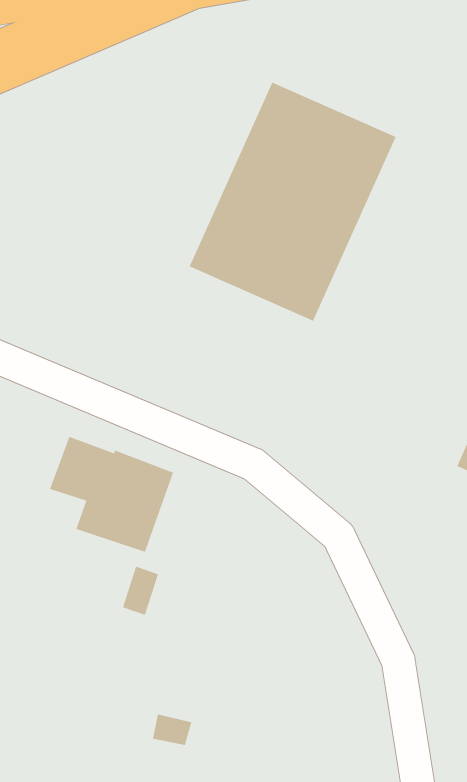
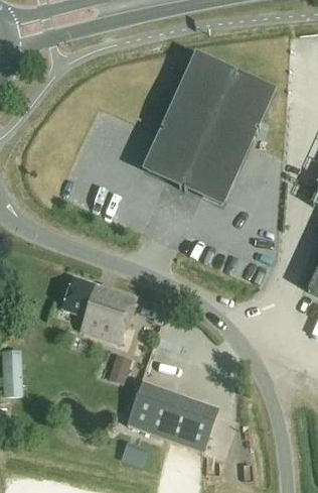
building: none -> [128,377,222,449]

